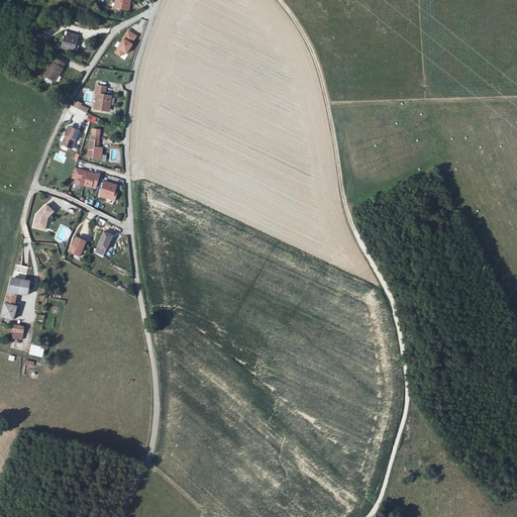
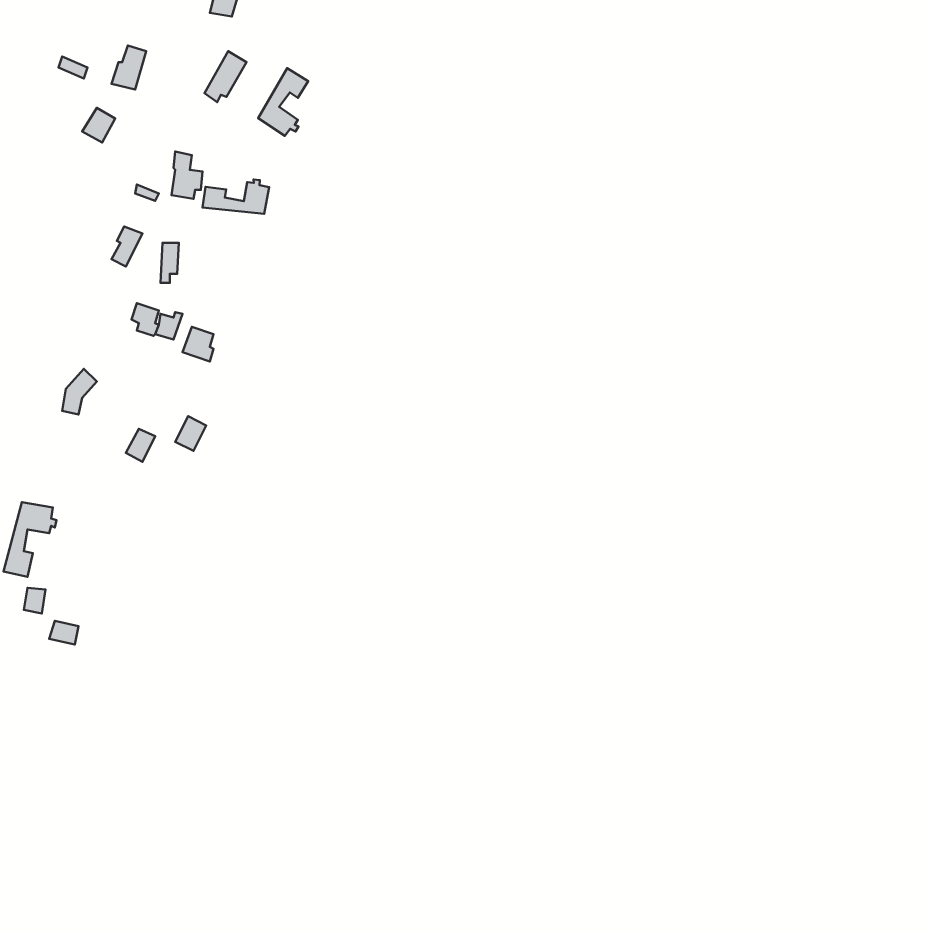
building: none -> [258,68,308,136]
building: none -> [203,180,269,214]

